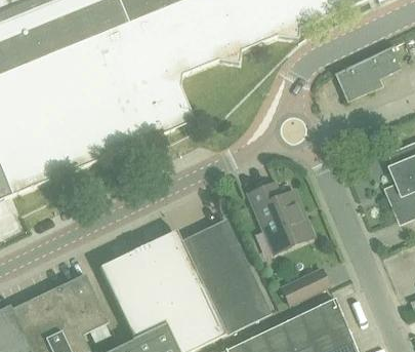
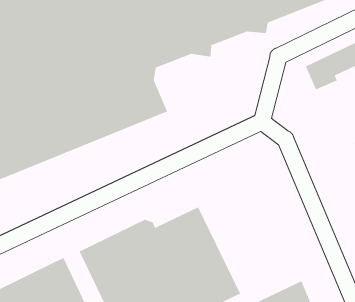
building: [247,184,313,252] -> none
building: [281,268,328,304] -> none

